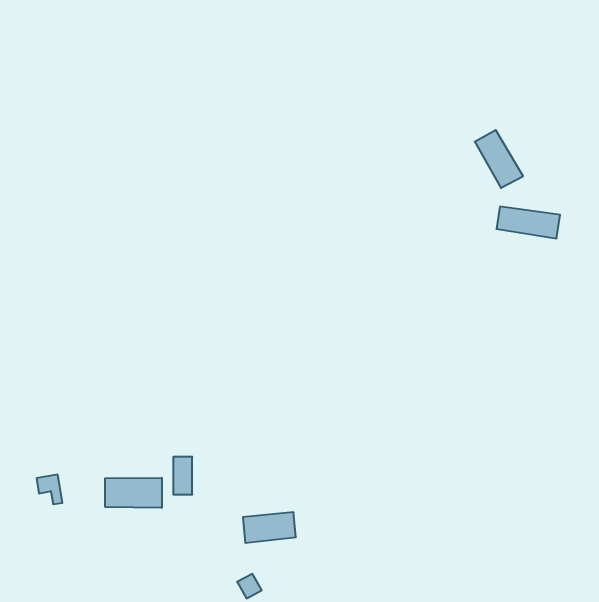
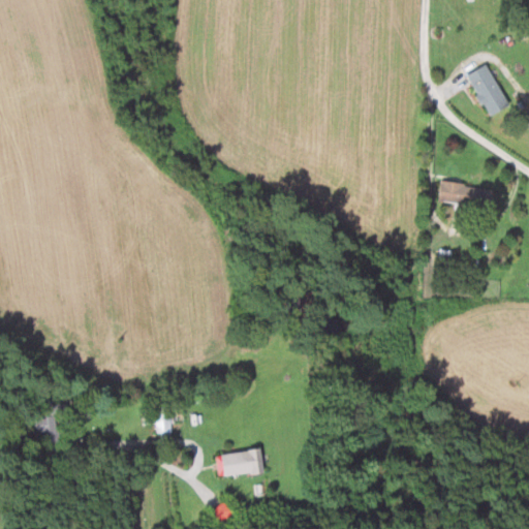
building: [475,130,523,188] -> [467,65,509,116]
building: [105,478,162,508] -> none

